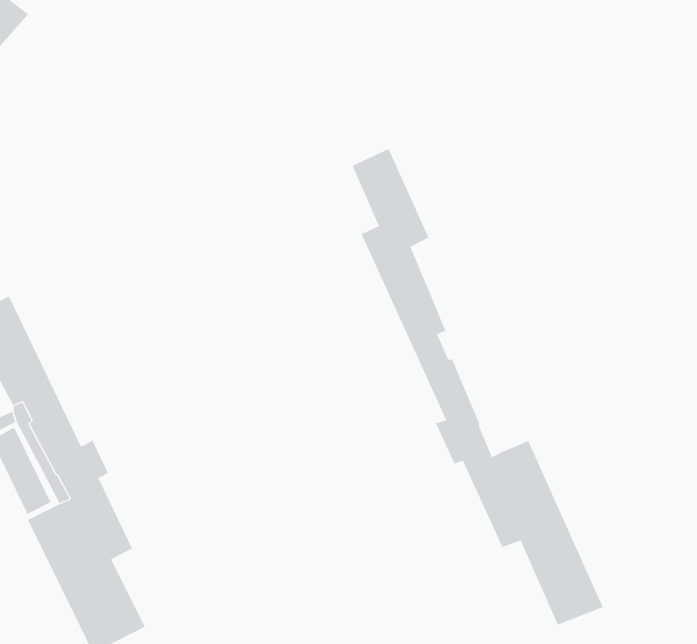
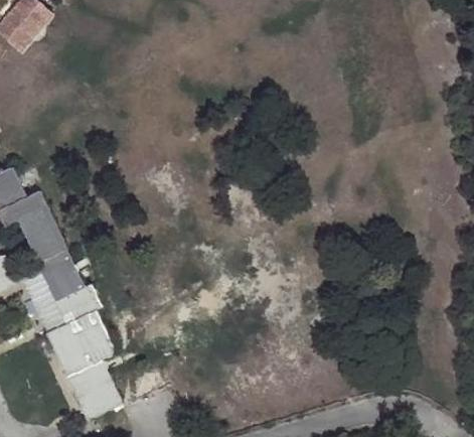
building: [352,148,604,626] -> none

